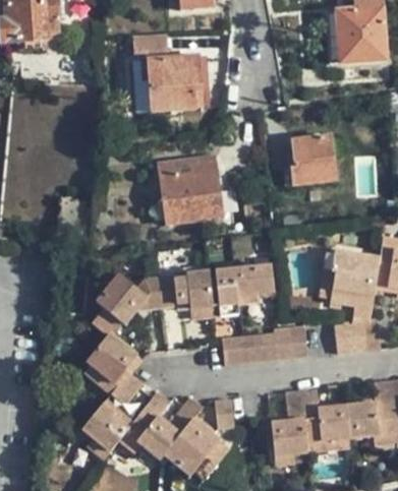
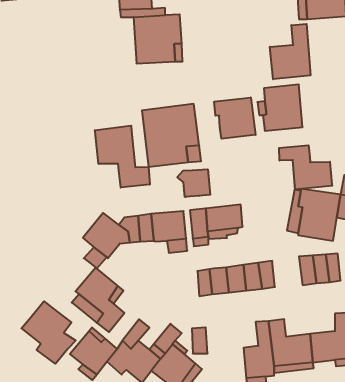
building: none -> [270,24,310,79]
building: none -> [214,97,256,139]
building: none -> [95,126,150,188]
building: none -> [279,145,332,190]
building: none -> [177,169,210,197]
building: none -> [21,301,76,364]

